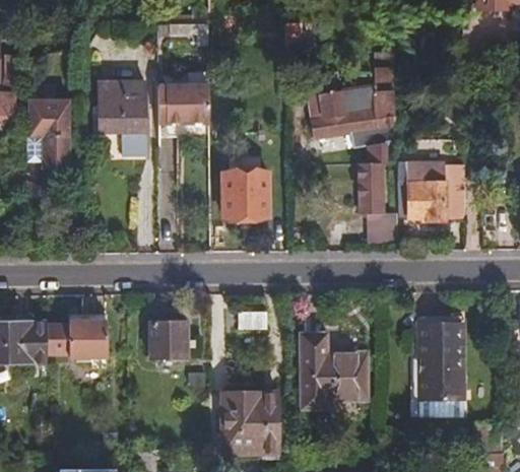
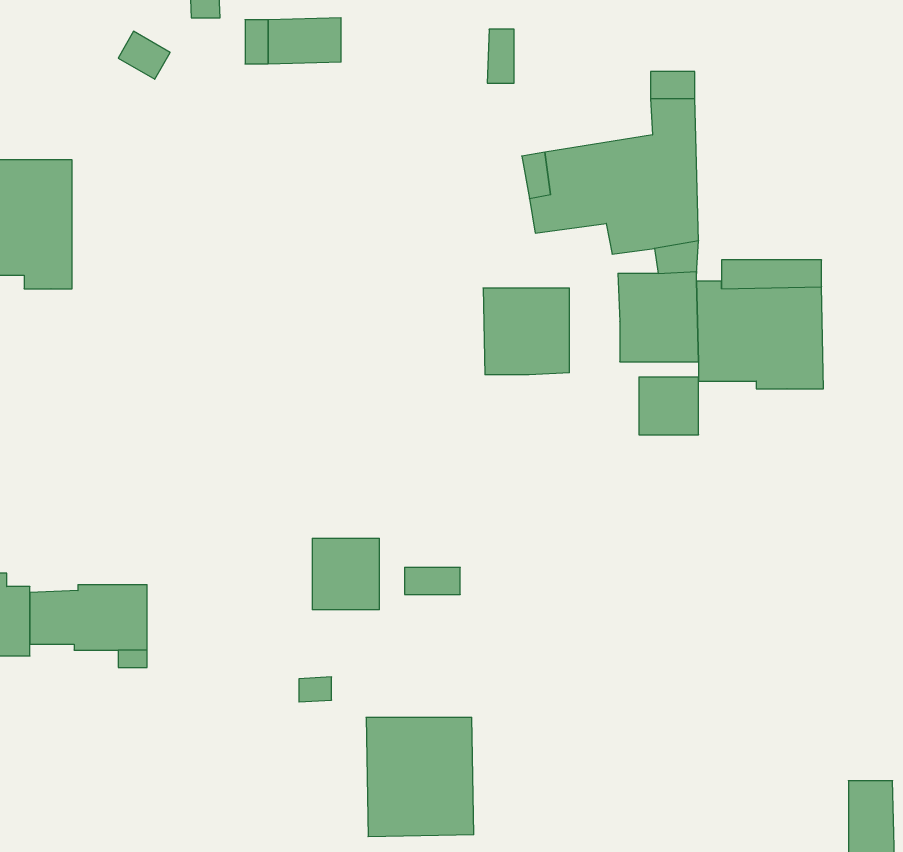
building: [98,80,142,129] -> none
building: [156,85,207,134] -> none
building: [223,173,269,218] -> [483,288,569,375]
building: [420,318,467,401] -> none
building: [149,321,185,358] -> [312,538,379,610]
building: [305,335,367,404] -> none

